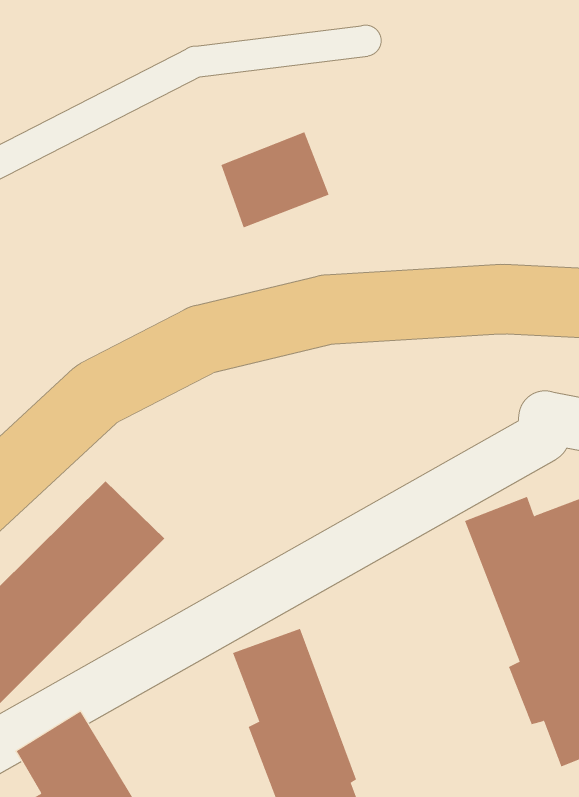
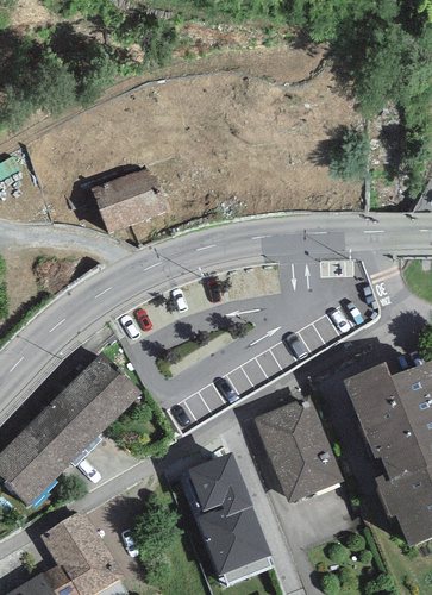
building: [220,131,329,228] -> [92,173,165,238]
building: none -> [253,396,343,503]

